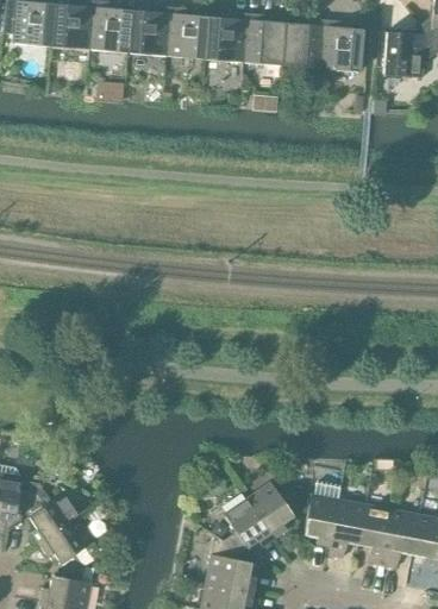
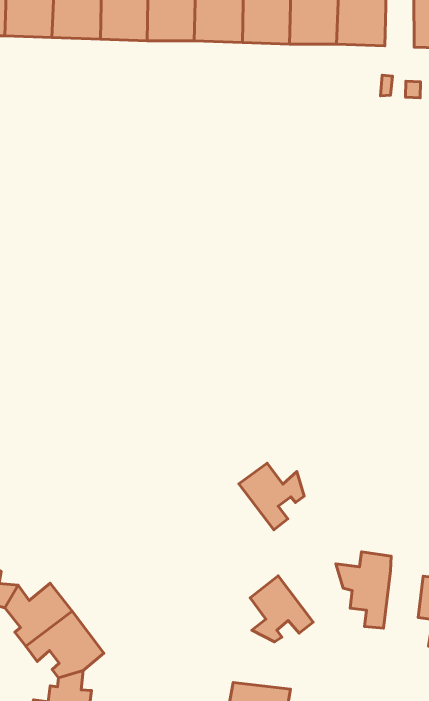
building: [246,483,299,538] -> [239,463,304,530]
building: [327,500,364,558] -> none
building: [205,541,254,591] -> none

